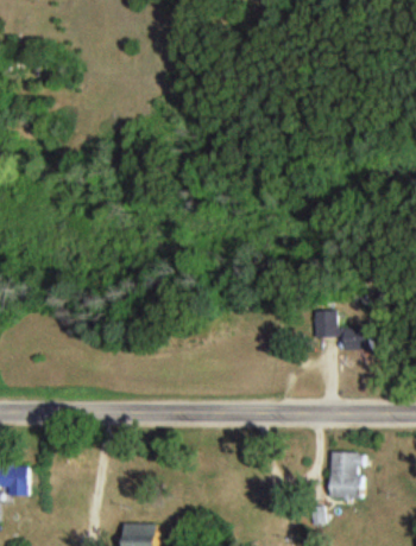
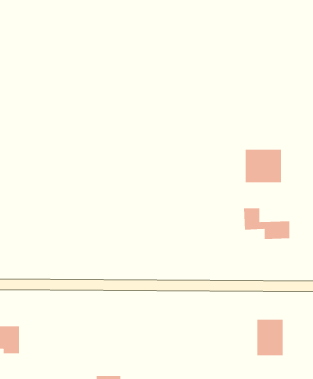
building: none -> [245,149,281,183]

